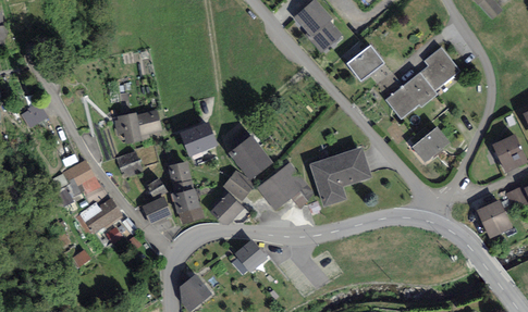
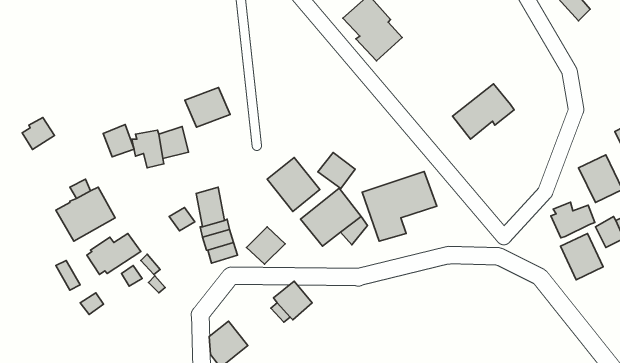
building: [346,45,383,80] -> none
building: [420,47,461,90] -> none
building: [180,122,218,155] -> [185,87,230,127]
building: [413,127,450,162] -> none
building: [116,150,143,177] -> [103,125,134,157]
building: [223,170,255,200] -> [318,152,355,189]
building: none -> [551,202,595,238]
building: [143,196,172,224] -> none

